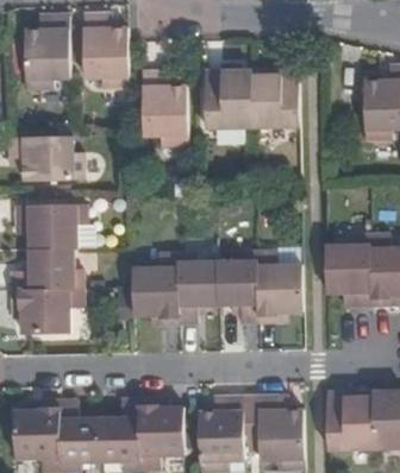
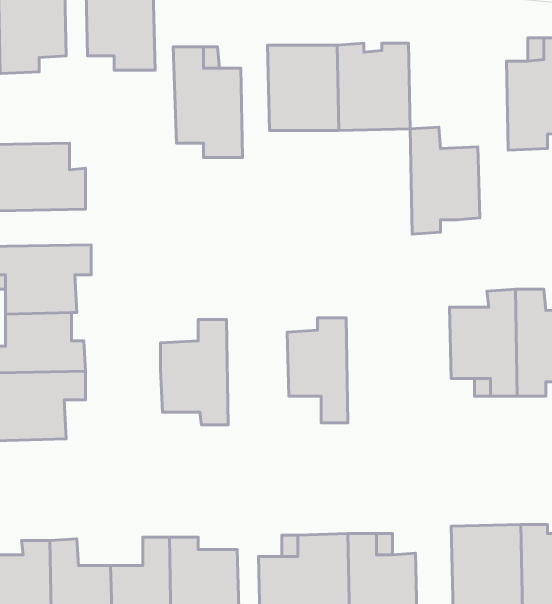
building: [256,252,302,323] -> [410,127,480,234]
building: [176,254,218,324] -> none

